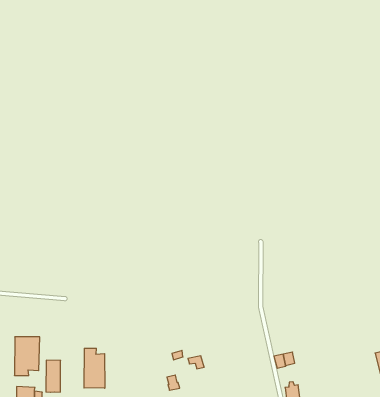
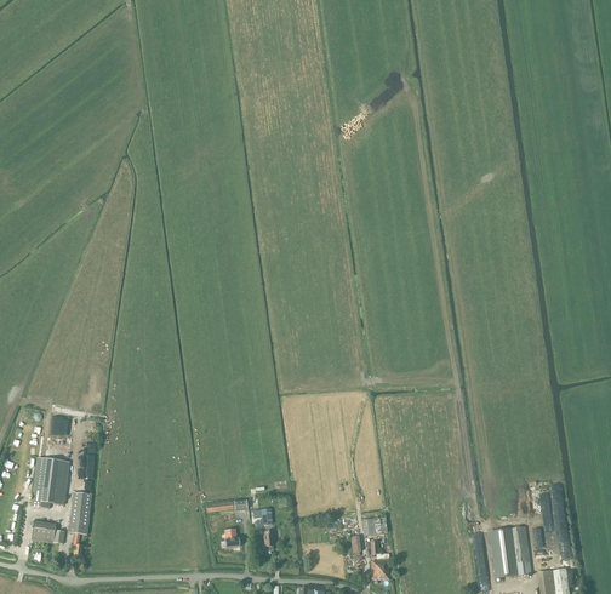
building: [84,348,105,388] -> none

